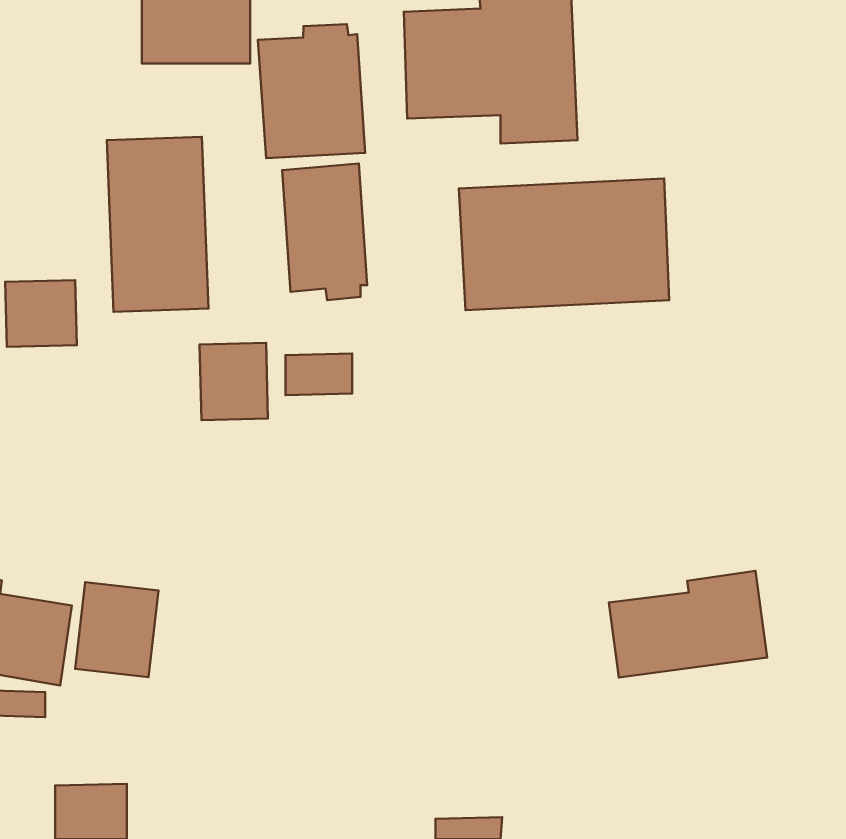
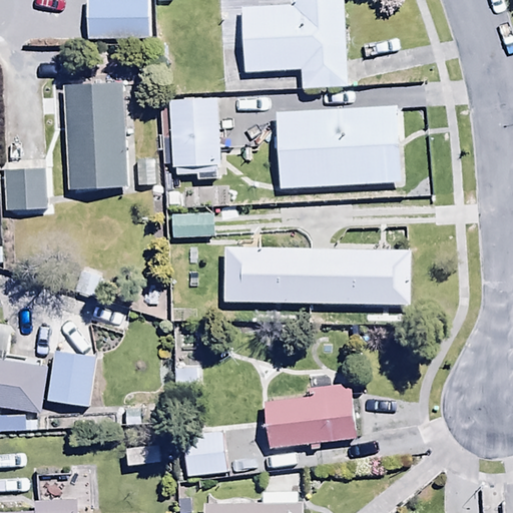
building: [258,24,365,158] -> none
building: [200,343,268,420] -> none
building: none -> [224,246,409,306]
building: [609,571,767,677] -> [261,383,356,447]
building: none -> [180,430,228,476]

